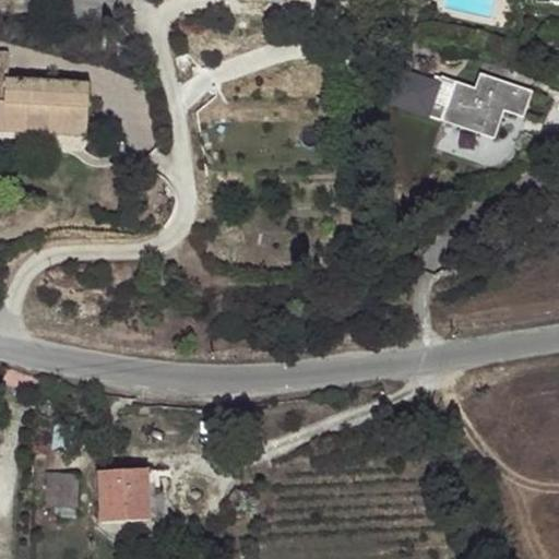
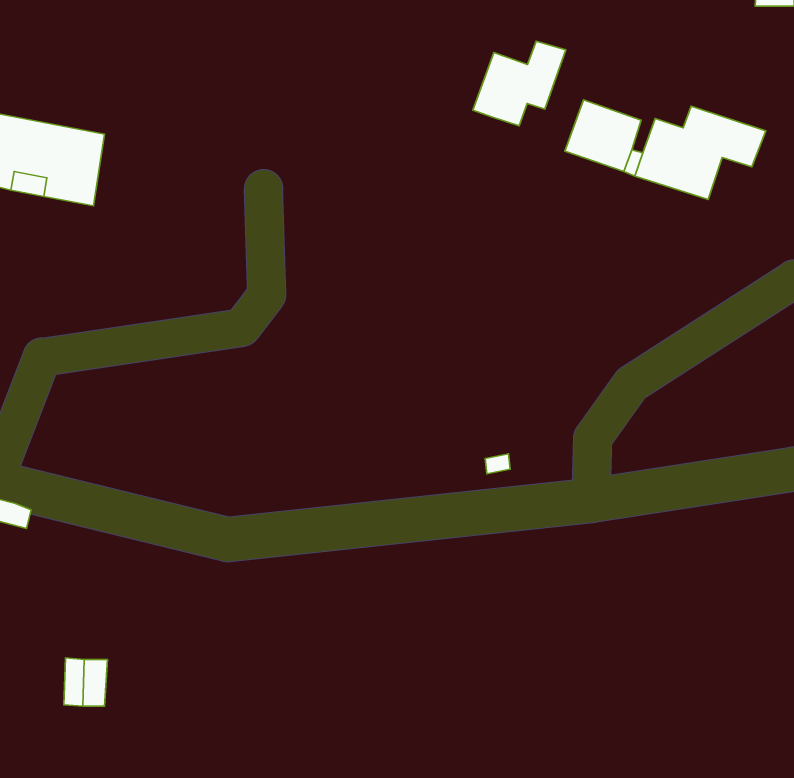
building: none -> [473,41,566,126]
building: [95,459,146,510] -> none

